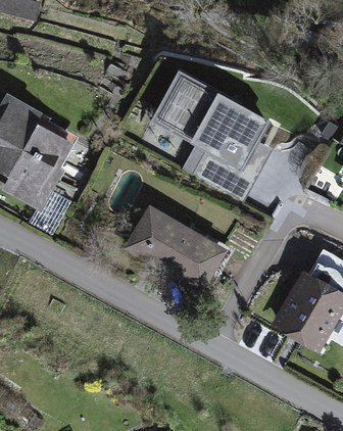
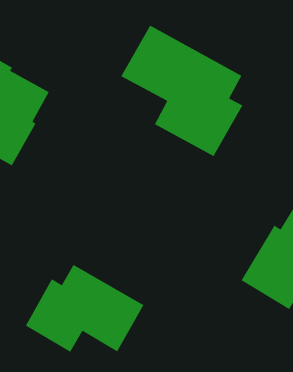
building: [121,204,228,295] -> none
building: none -> [25,264,144,353]

